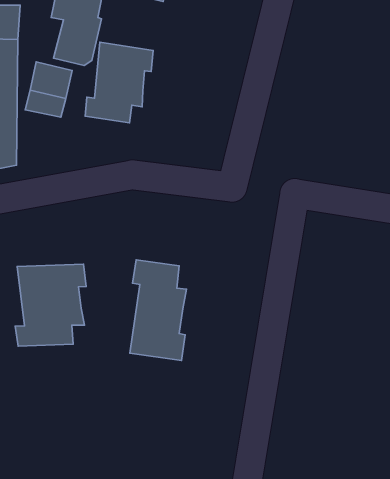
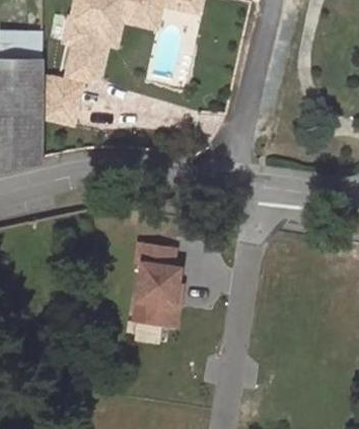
building: [85,42,153,123] -> none
building: [15,264,86,346] -> none

